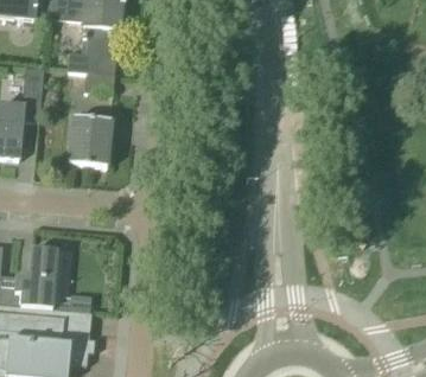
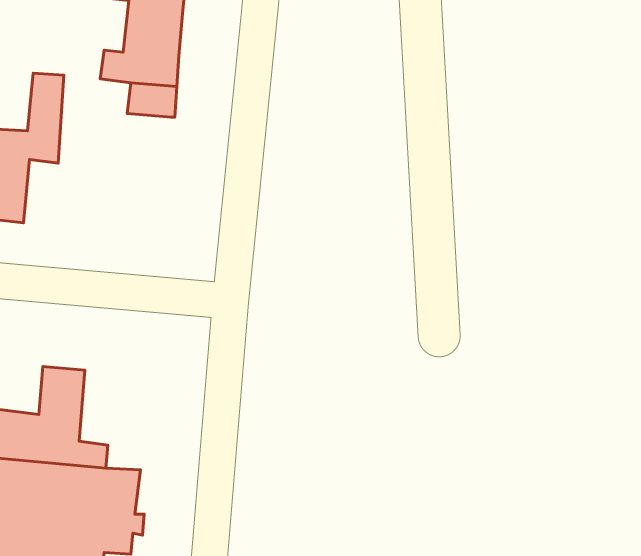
building: [69,115,110,165] -> none

